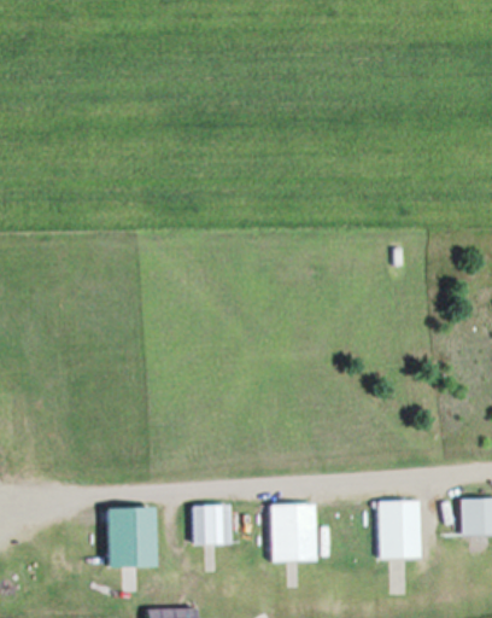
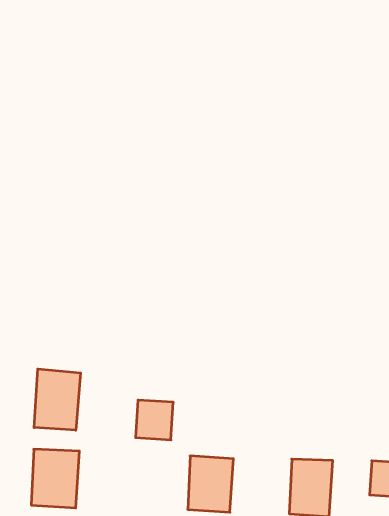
building: none -> [34,369,81,430]
building: [193,505,230,544] -> [136,400,173,440]

